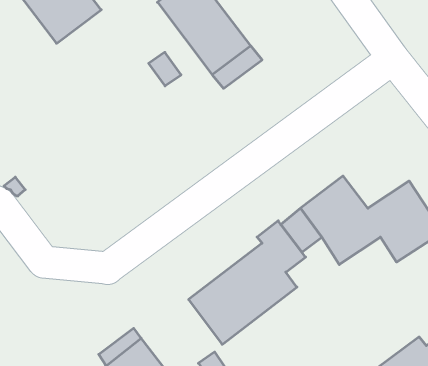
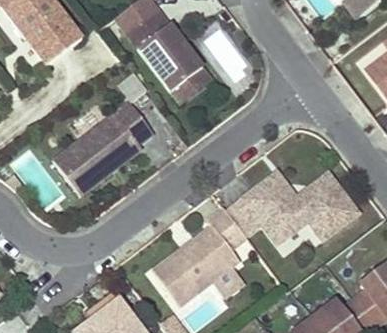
building: none -> [55,99,155,192]

